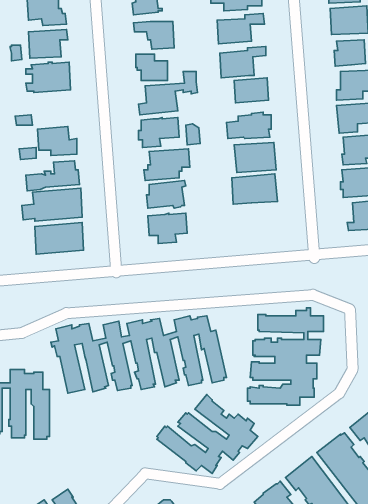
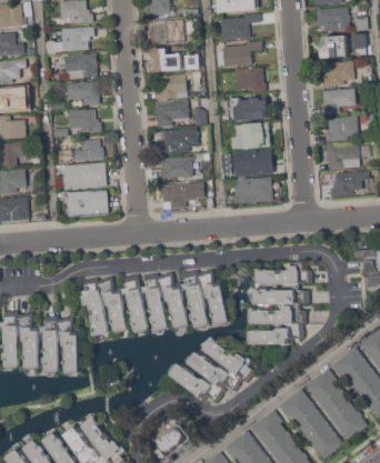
building: none -> [64,82,99,107]
building: none -> [231,179,271,204]

